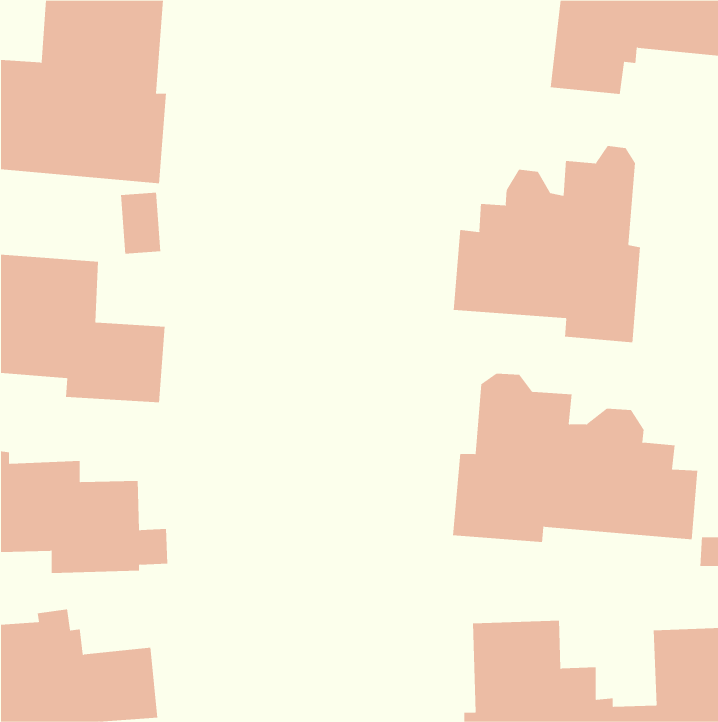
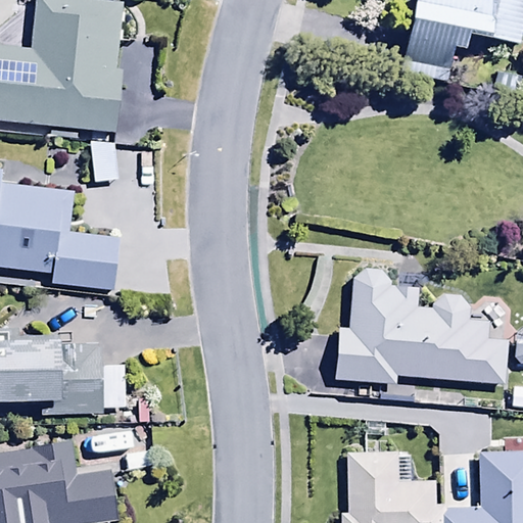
building: [453,145,641,343] -> none

